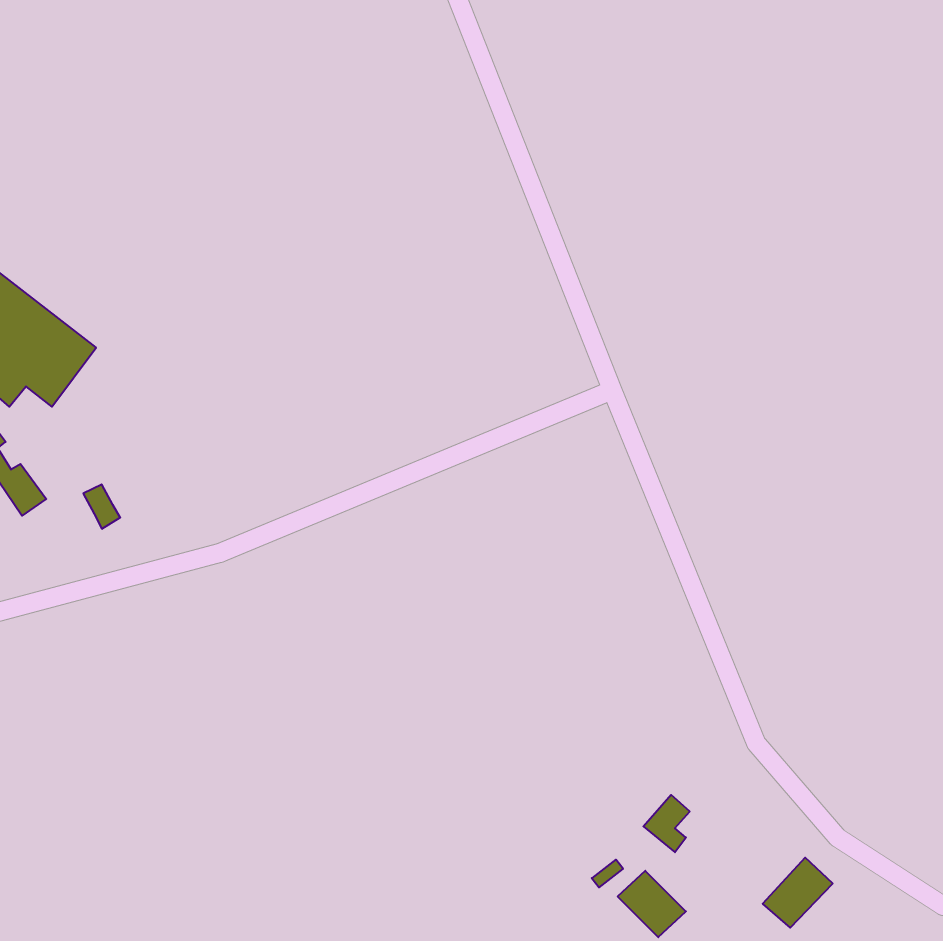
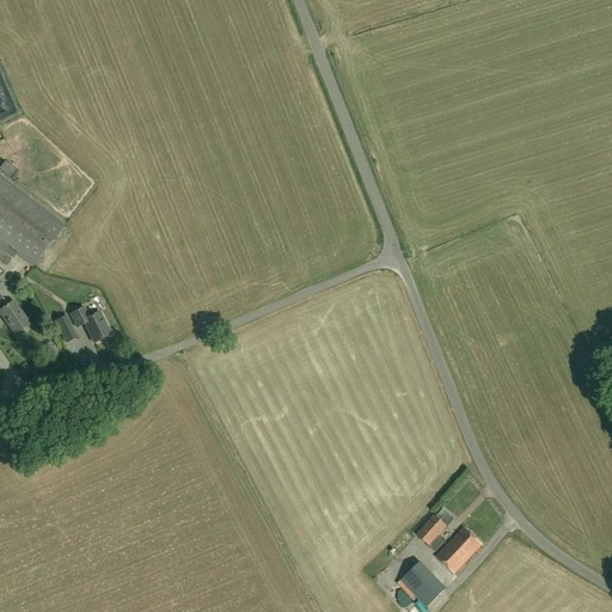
building: none -> [68,305,111,342]
building: [763,858,833,928] -> [436,527,482,573]

